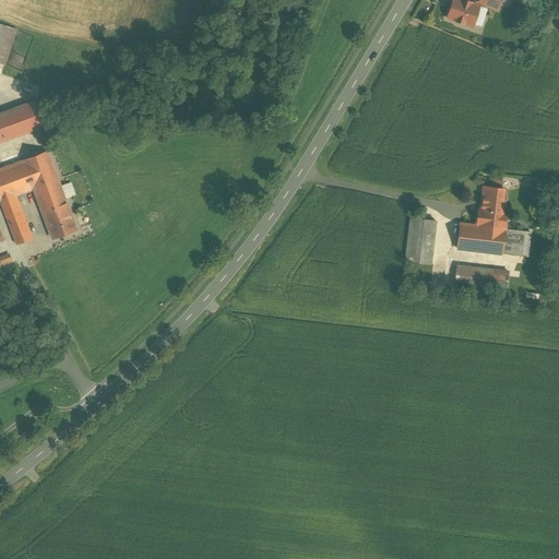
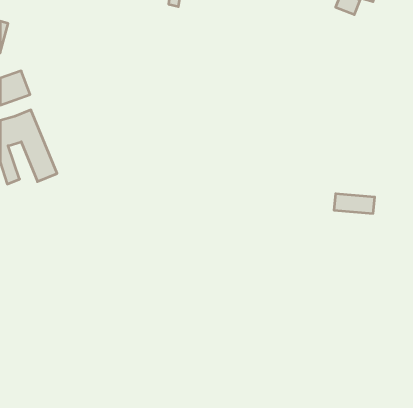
building: [452,187,507,252] -> none
building: [403,219,431,276] -> none

